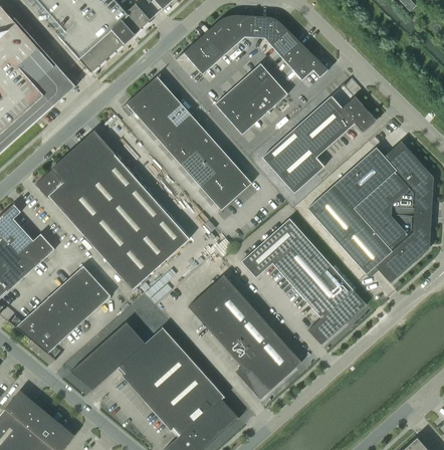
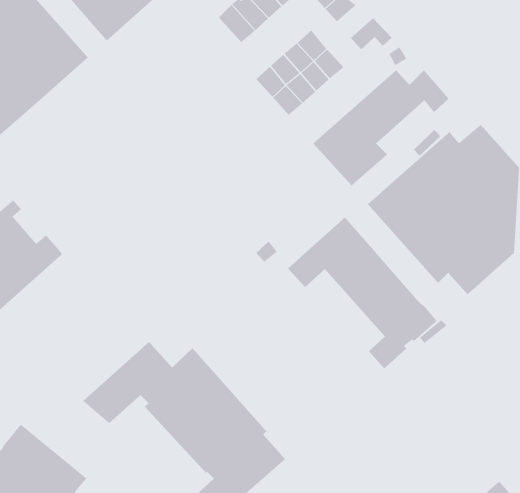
building: [281,43,311,70] -> none
building: [126,76,251,210] -> none
building: [35,130,189,289] -> none
building: [19,265,110,353] -> none
building: [187,274,301,399] -> none

